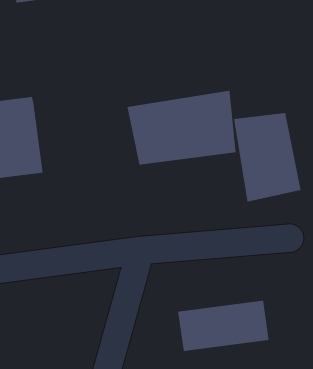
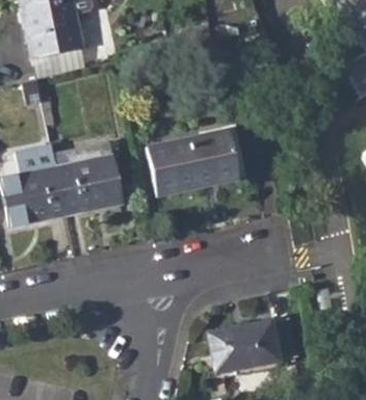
building: none -> [57,140,127,214]
building: [233,112,301,203] -> none

